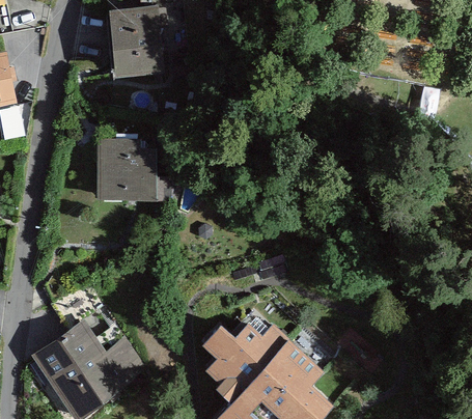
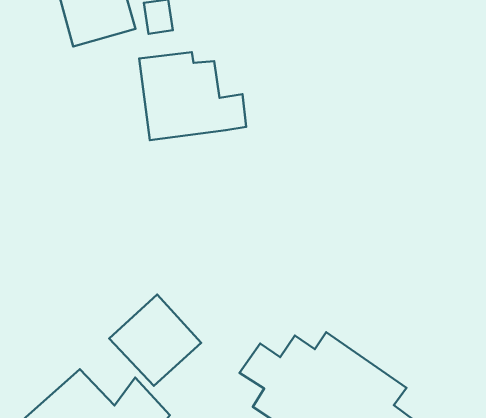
building: [96,140,171,203] -> [139,52,246,140]
building: none -> [109,295,201,386]

